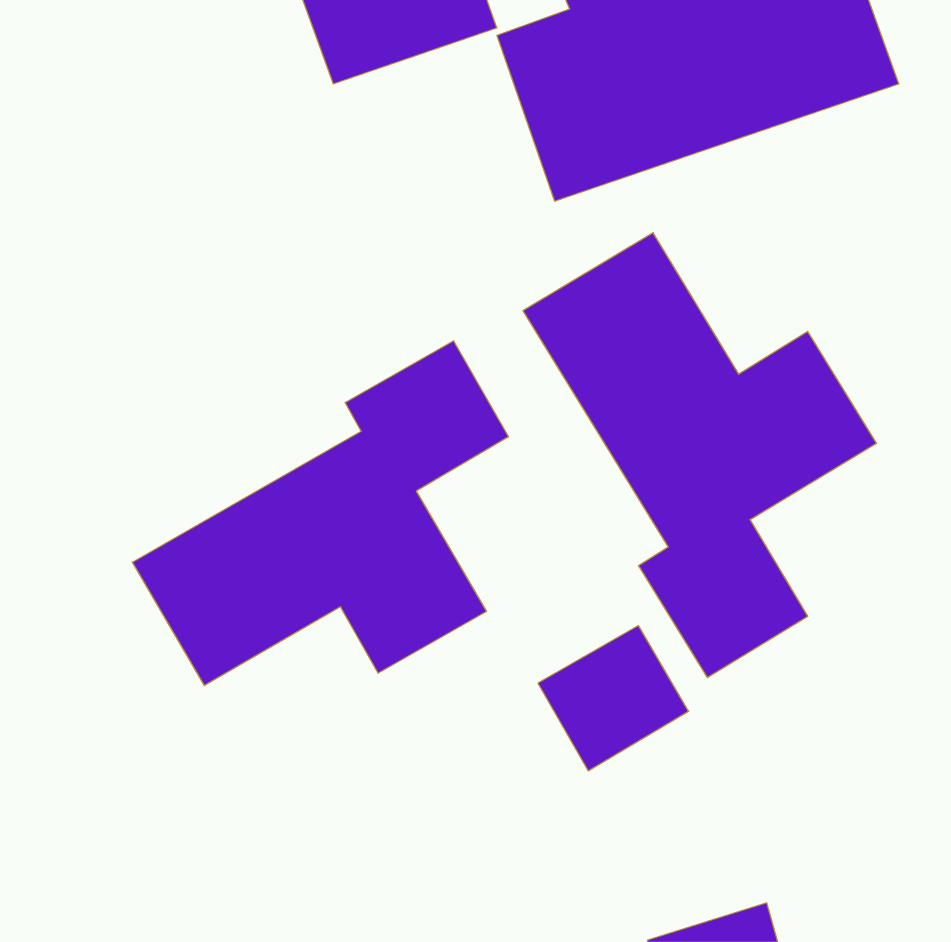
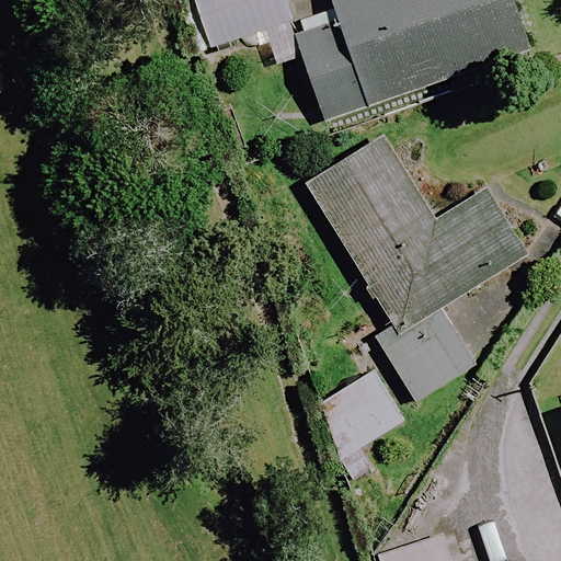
building: [132,341,509,686] -> none

